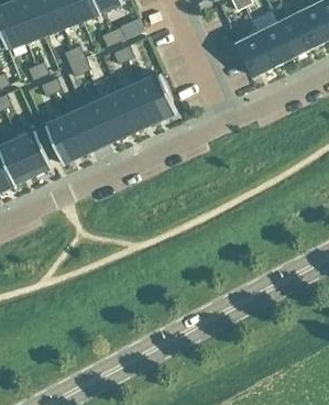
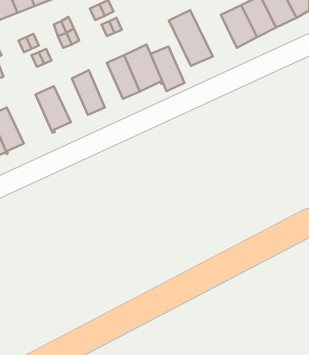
building: none -> [169,10,213,66]
building: [100,92,135,139] -> [151,46,185,91]
building: [64,109,99,154] -> none
building: [15,130,53,176] -> none

